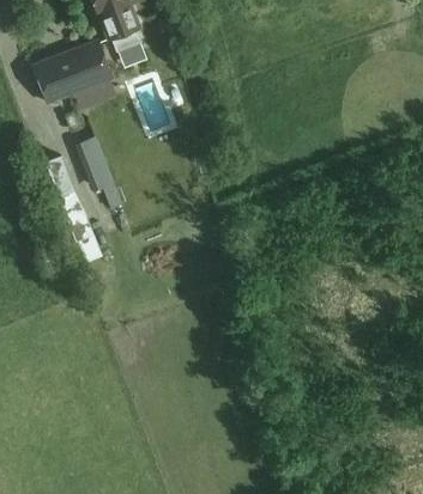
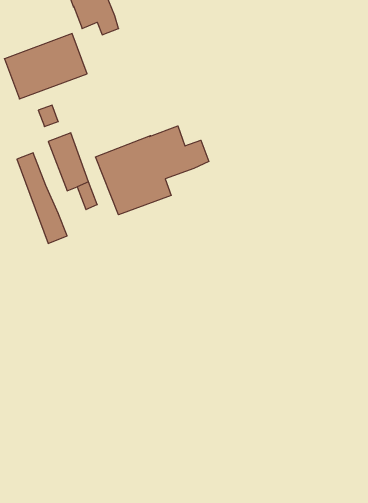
building: none -> [96,126,209,215]

